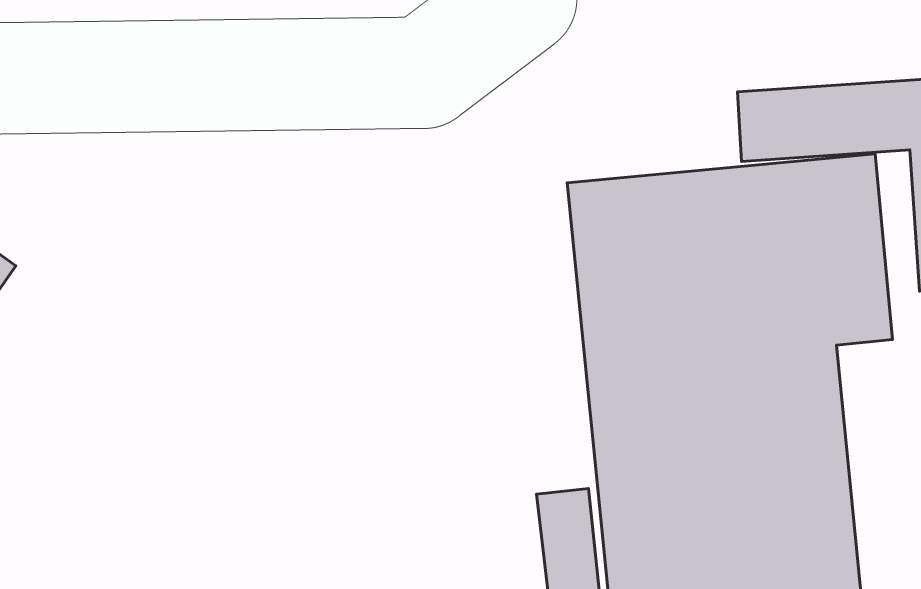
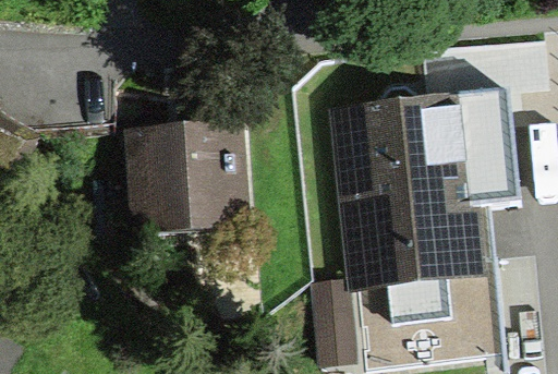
building: none -> [122,119,252,230]

